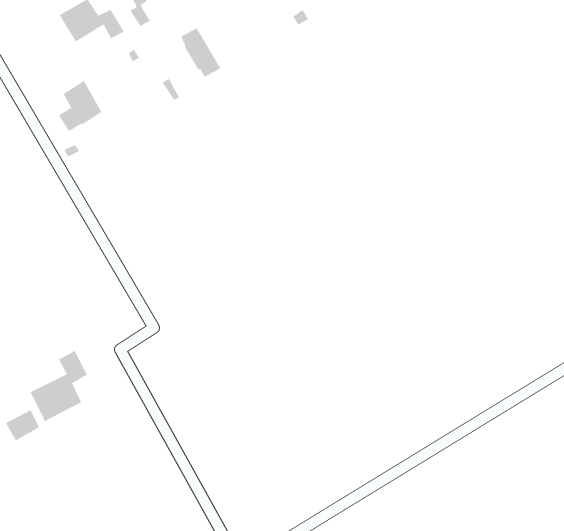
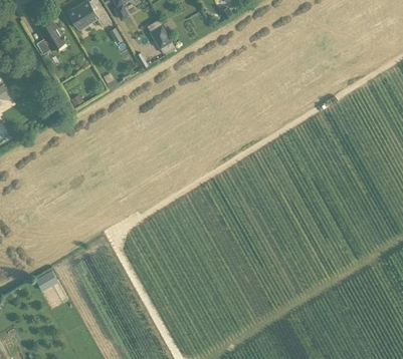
building: [58,80,103,132] -> [36,21,65,55]
building: [30,350,88,422] -> none

